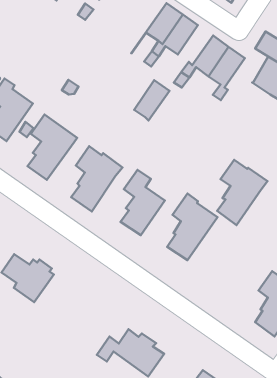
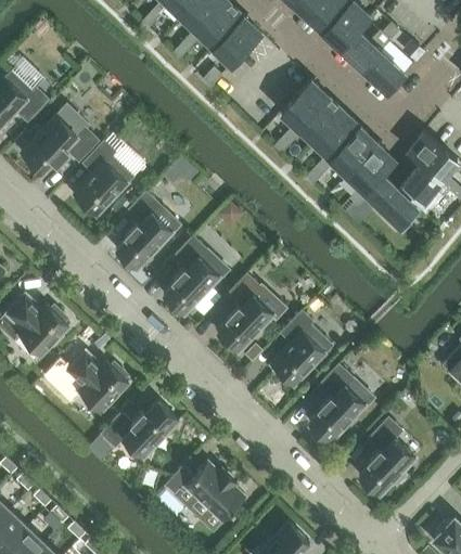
building: none -> [364,160,418,227]
building: [134,80,170,120] -> [315,113,360,159]
building: [217,160,267,225] -> [309,365,374,443]
building: none -> [101,401,179,459]

